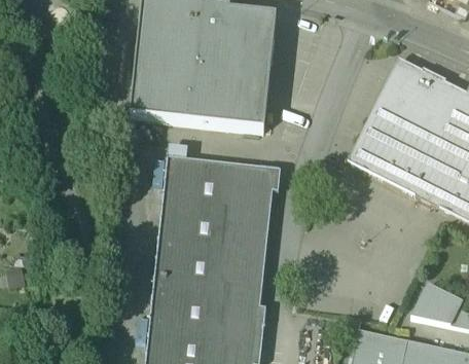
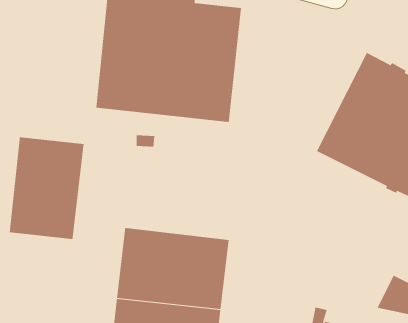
building: none -> [9,136,84,240]
building: [160,158,274,248] -> none

